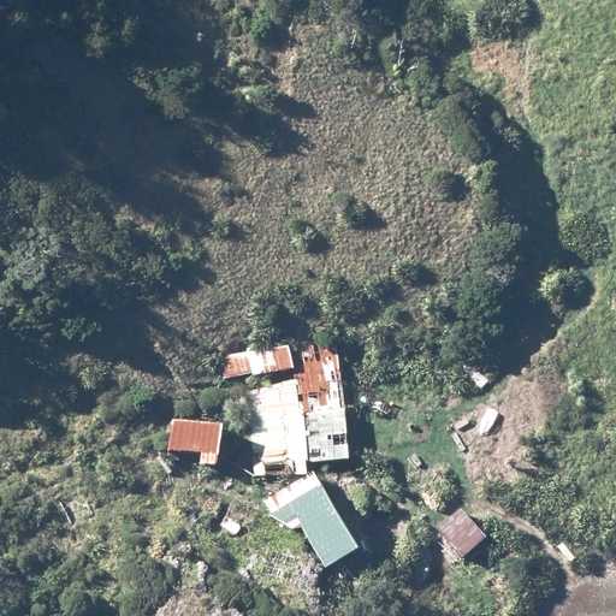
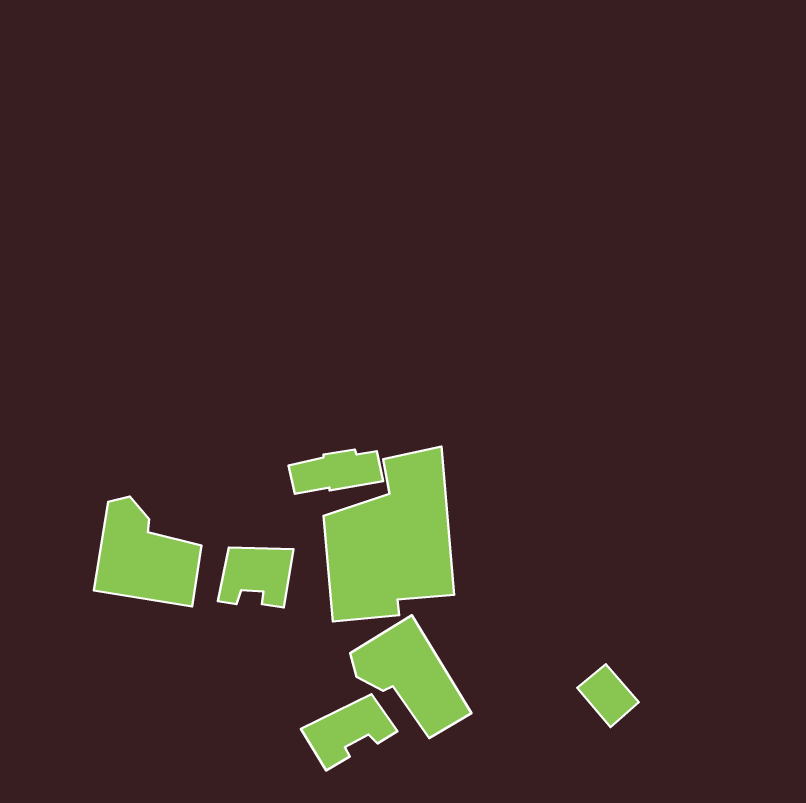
building: none -> [94,497,201,607]
building: none -> [301,694,397,770]

